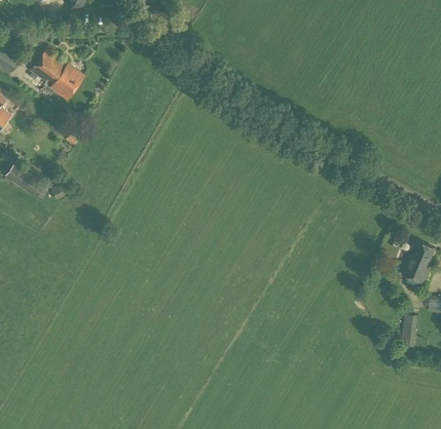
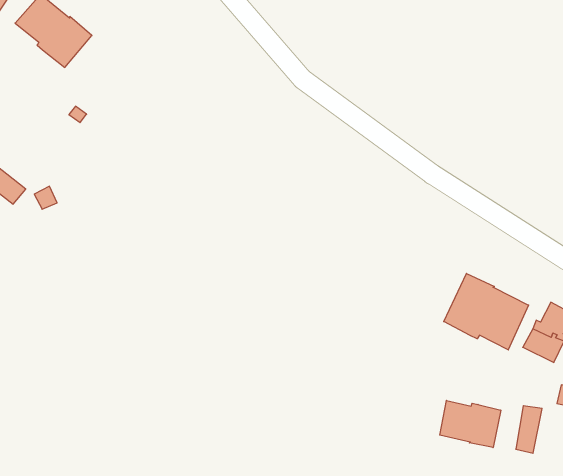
building: none -> [444,273,529,350]
building: none -> [440,400,501,448]

